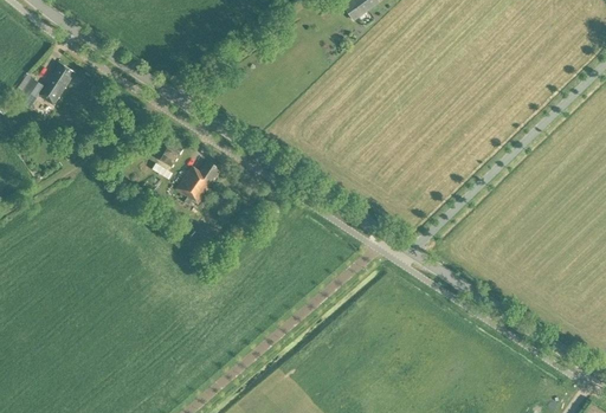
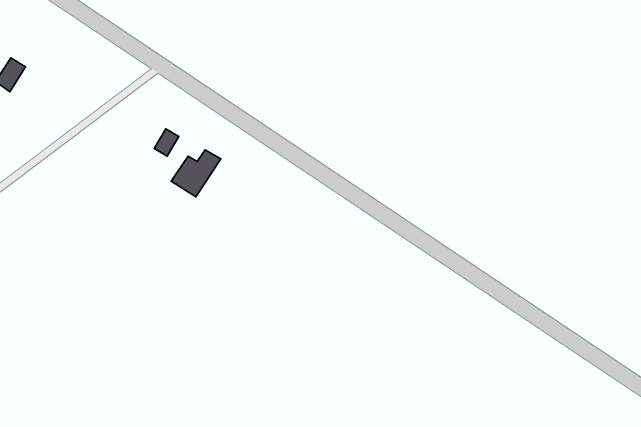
building: [40,62,75,104] -> none

